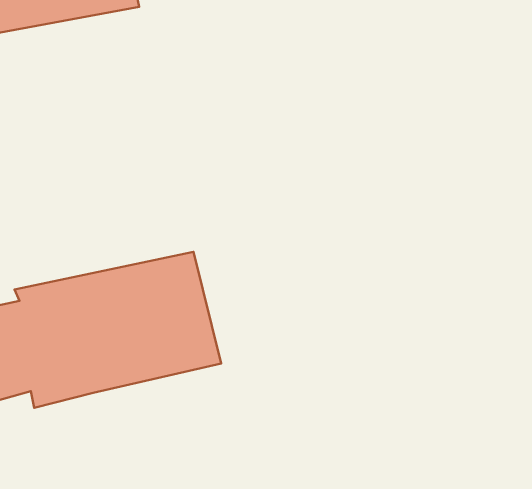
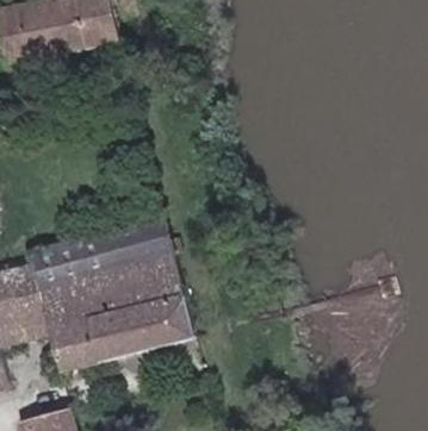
building: none -> [46,299,193,371]

